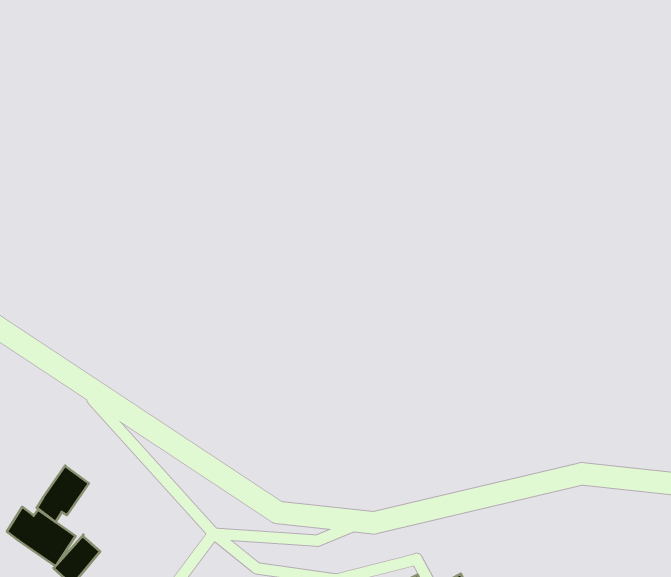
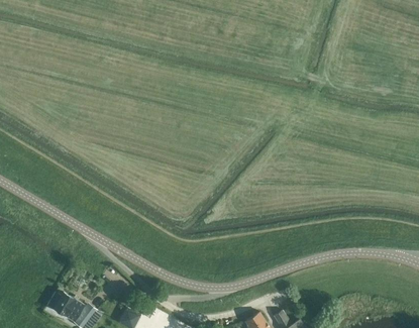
building: [37,466,89,522] -> none

